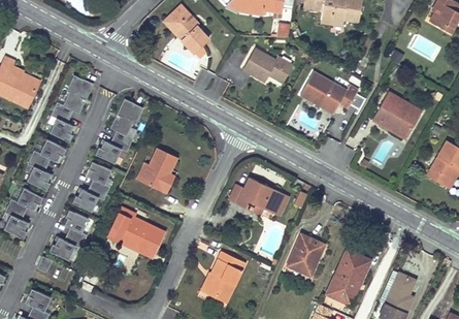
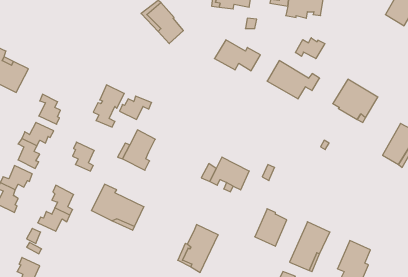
building: none -> [295,38,325,59]
building: [54,75,93,117] -> none
building: [95,137,130,163] -> [120,96,152,119]
building: [71,186,106,212] -> none

